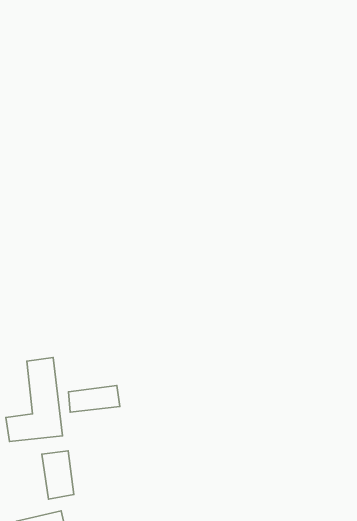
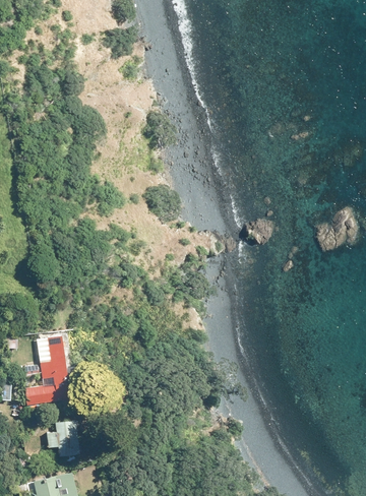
building: [69,385,120,412] -> none

